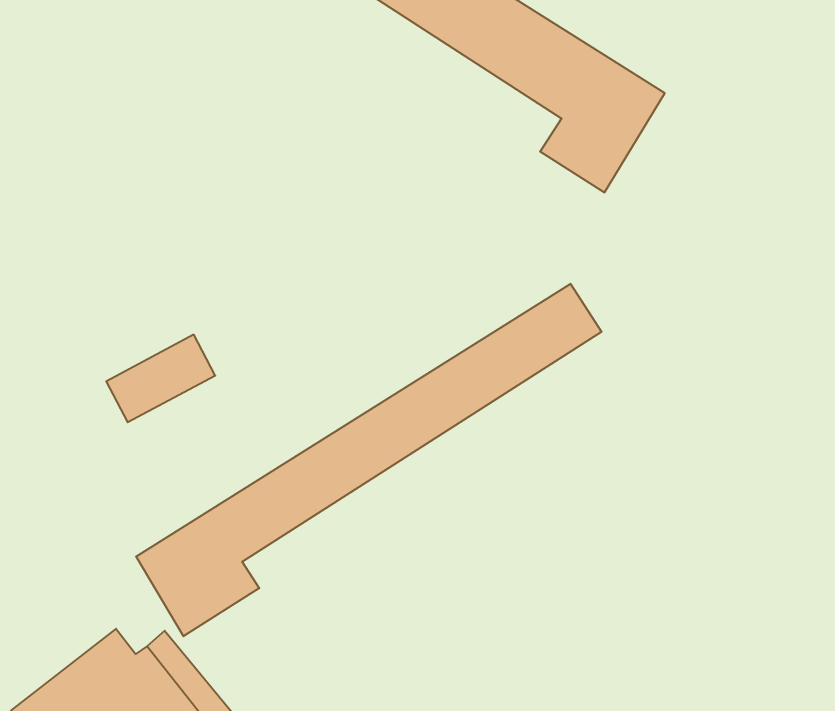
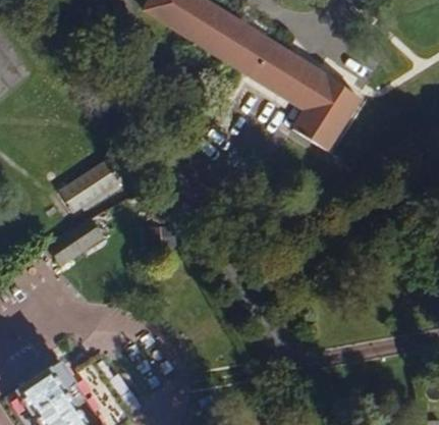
building: none -> [69,157,138,215]
building: [136,284,602,636] -> none

